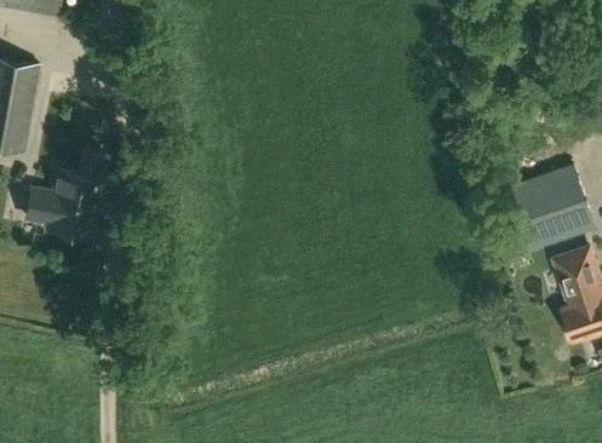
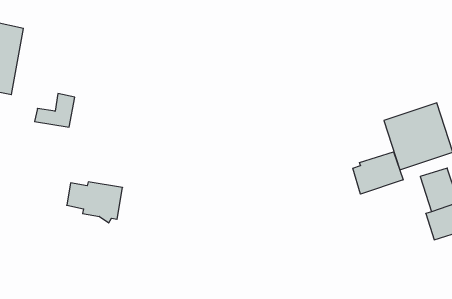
building: [24,189,97,242] -> [67,182,123,223]
building: none -> [353,152,403,194]

